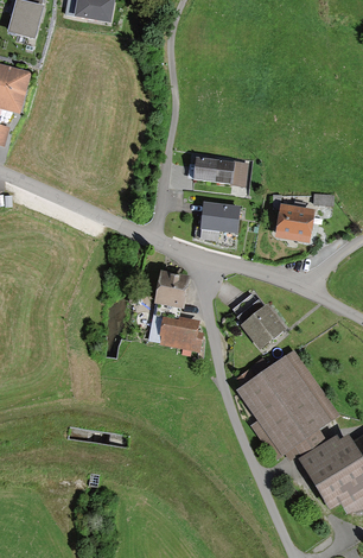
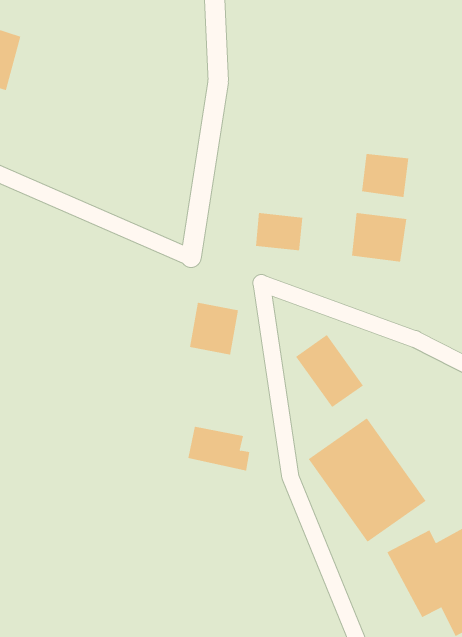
building: [196,156,236,182] -> none
building: none -> [362,153,409,198]
building: [159,316,205,349] -> [188,426,250,471]

